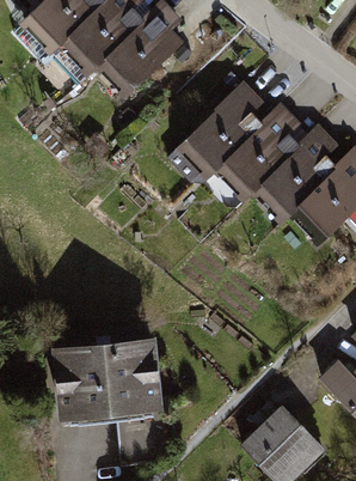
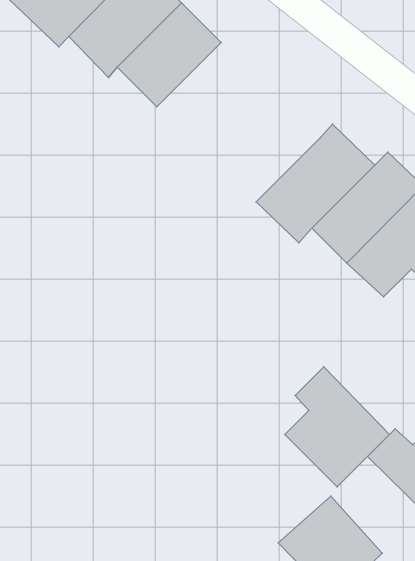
building: [173,81,274,183] -> none
building: none -> [285,367,390,487]
building: [53,337,173,456] -> none

